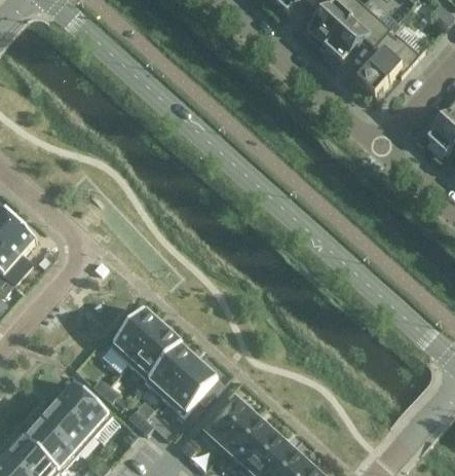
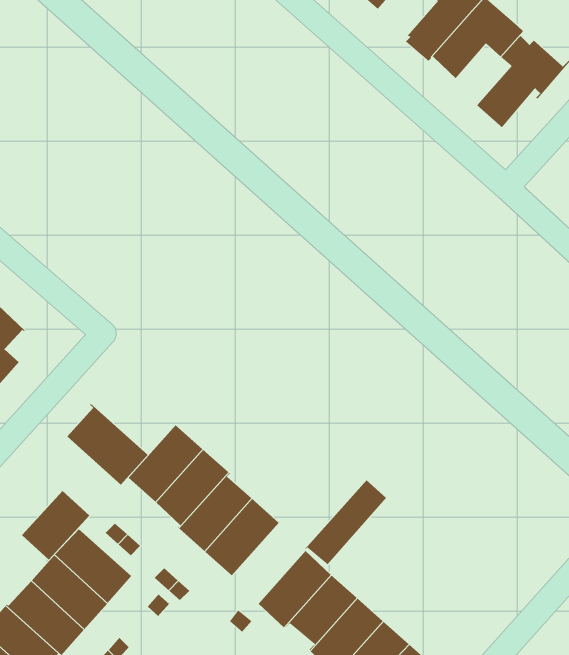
building: none -> [66,403,149,485]
building: none -> [304,479,387,565]
building: none -> [21,490,90,561]

